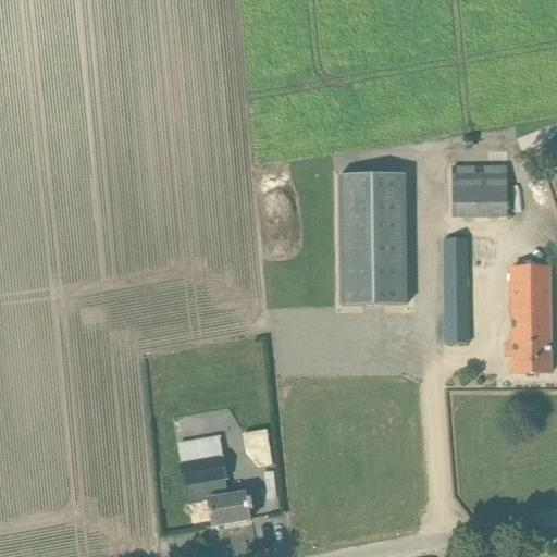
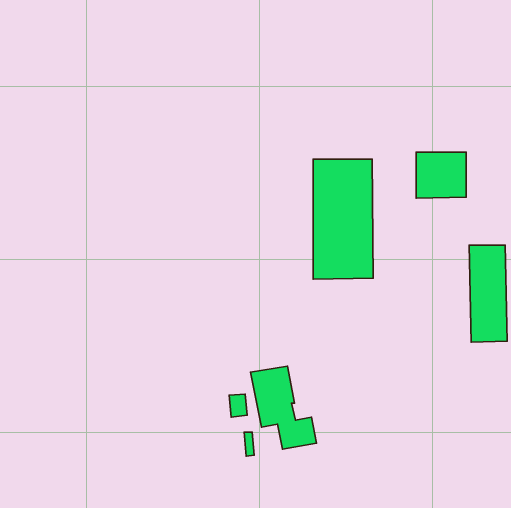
building: [444,237,469,342] -> none
building: [178,435,250,525] -> [250,366,316,449]

